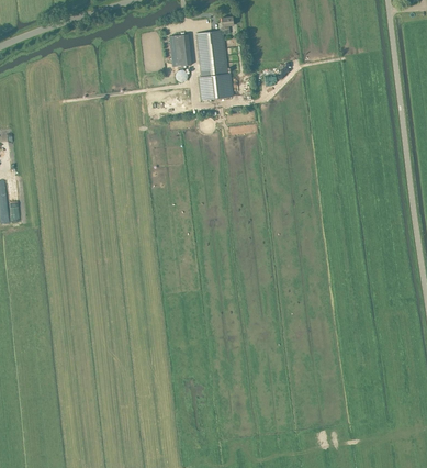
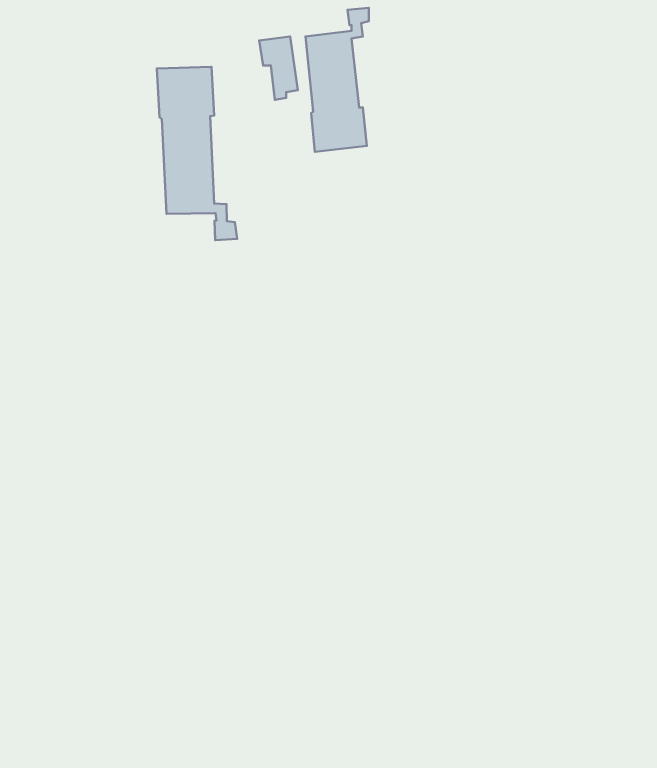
building: none -> [157,67,237,240]

